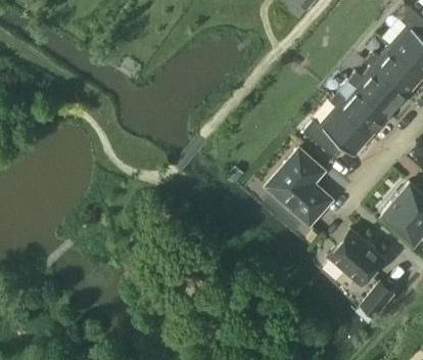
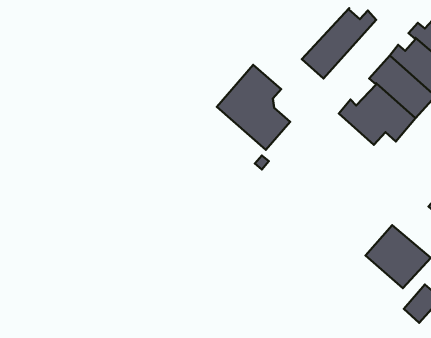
building: none -> [302,8,376,78]
building: [267,150,331,225] -> [217,65,290,150]

